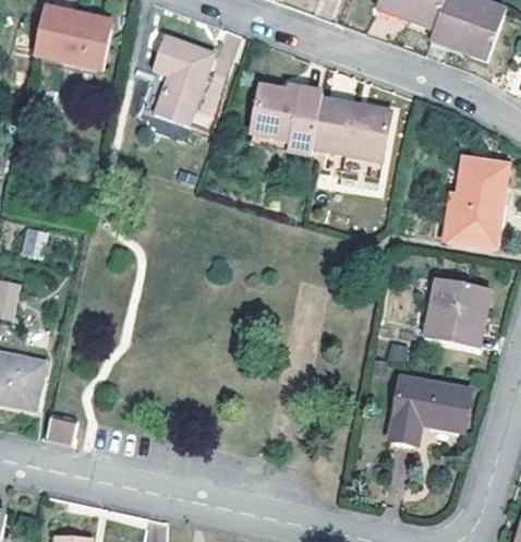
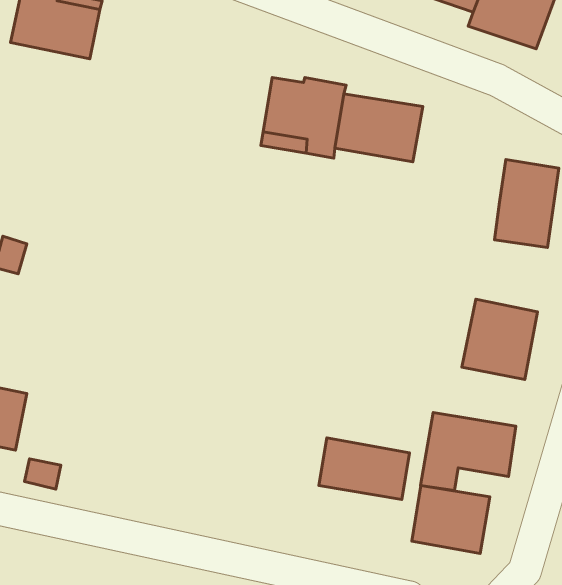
building: [154,34,215,127] -> none
building: [444,192,498,246] -> none
building: none -> [319,438,409,499]
building: none -> [412,485,490,554]

